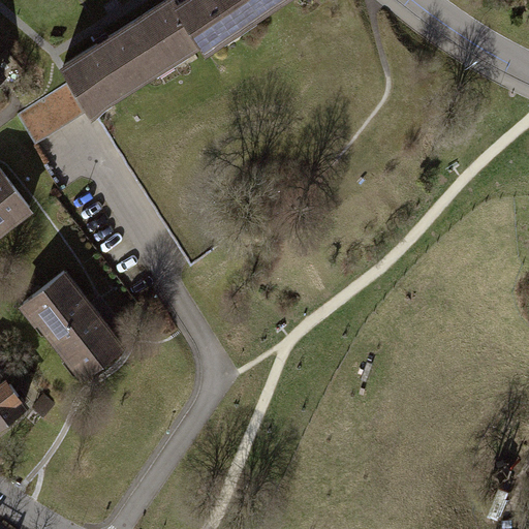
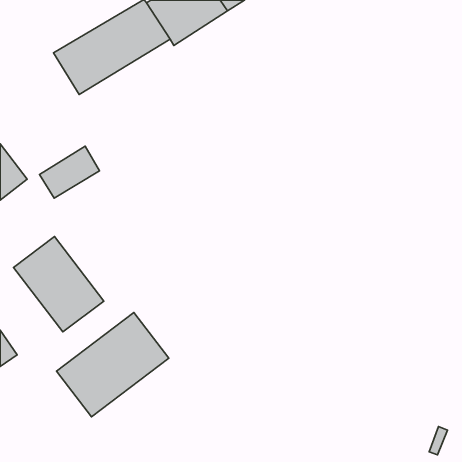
building: [18,84,86,143] -> [40,146,100,198]
building: none -> [57,313,169,417]

